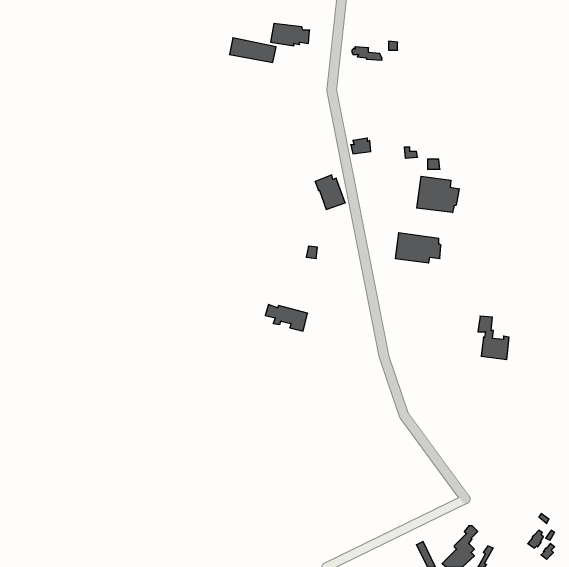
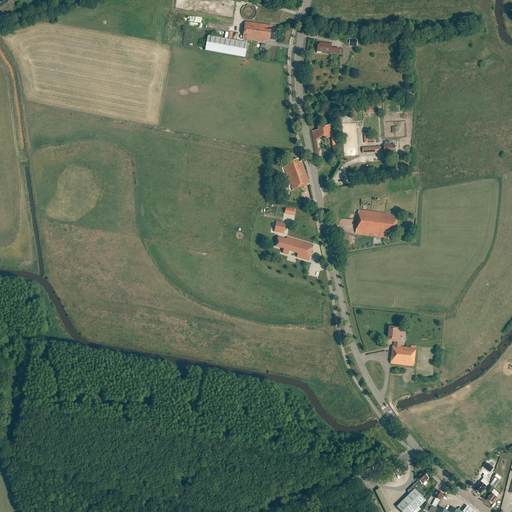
building: [417,176,459,213] -> none
building: [265,304,308,331] -> [275,235,313,259]
building: [478,316,509,360] -> [387,326,415,365]

